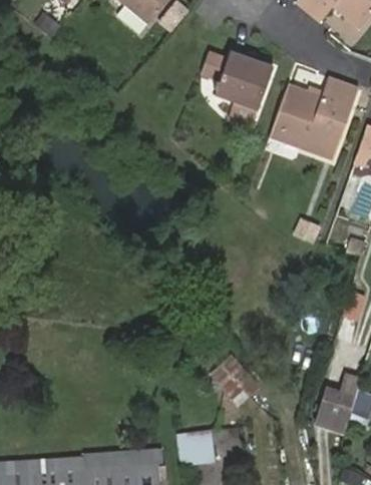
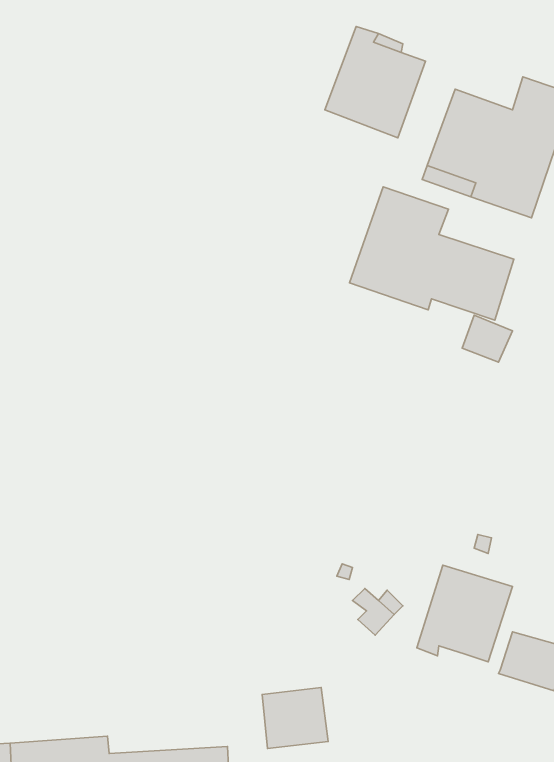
building: none -> [350,187,514,320]
building: none -> [417,565,513,662]

